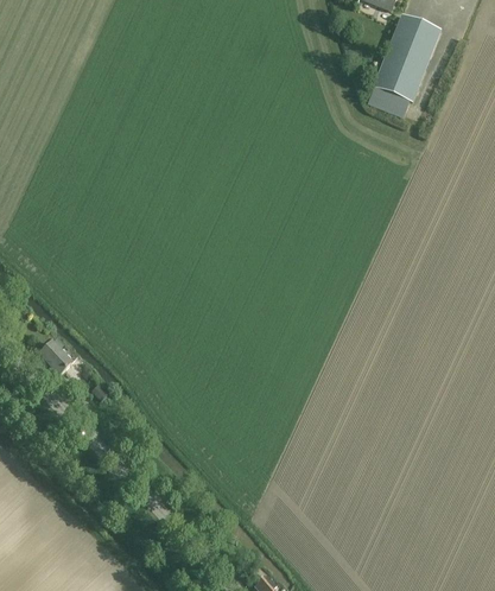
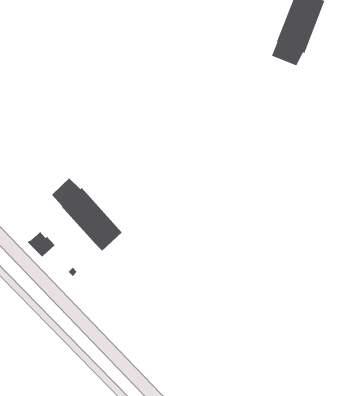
building: none -> [51,177,122,251]

